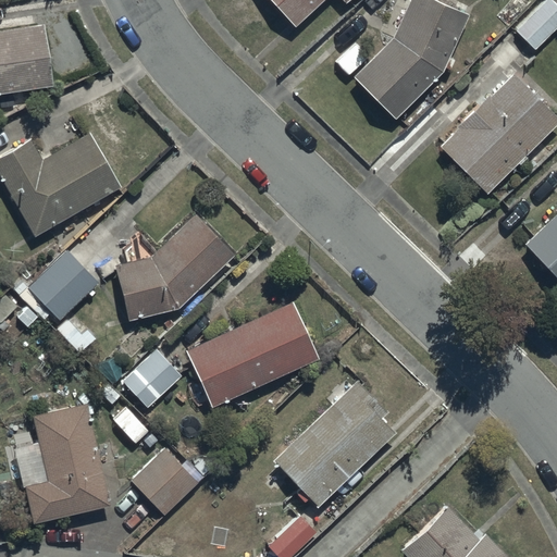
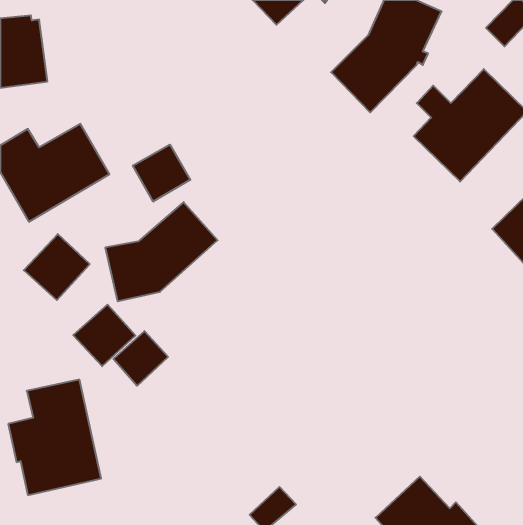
building: none -> [133,145,190,202]
building: [185,302,319,409] -> none
building: none -> [73,305,135,366]
building: [269,379,398,508] -> none
building: [132,449,199,517] -> none

